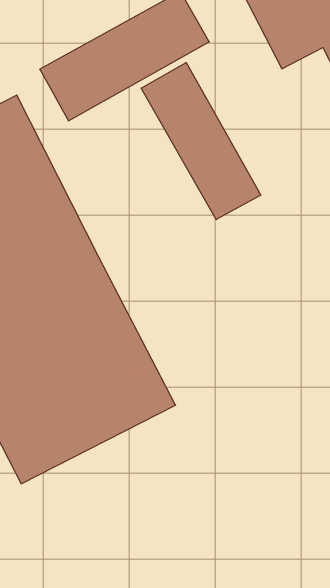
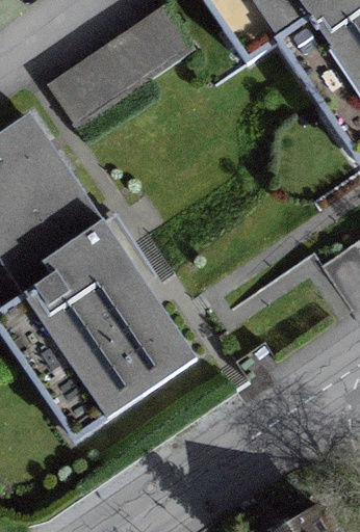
building: [141,62,261,220] -> none

